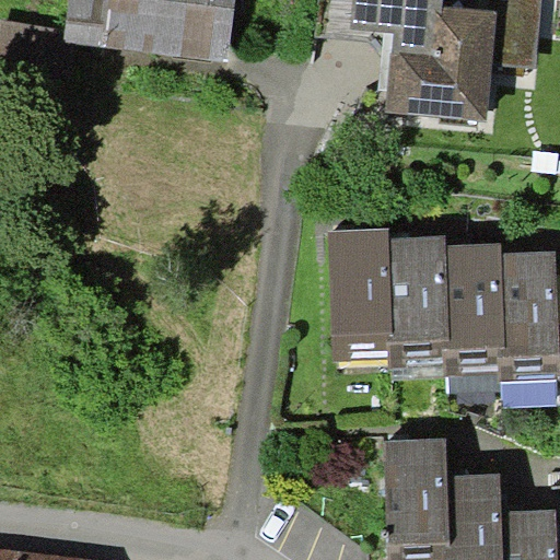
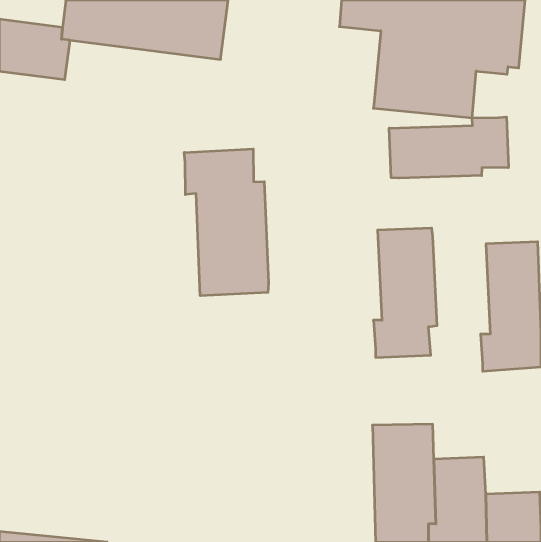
building: none -> [389,117,508,178]
building: none -> [184,149,268,296]
building: [327,226,394,362] -> none
building: [442,242,505,377] -> none

